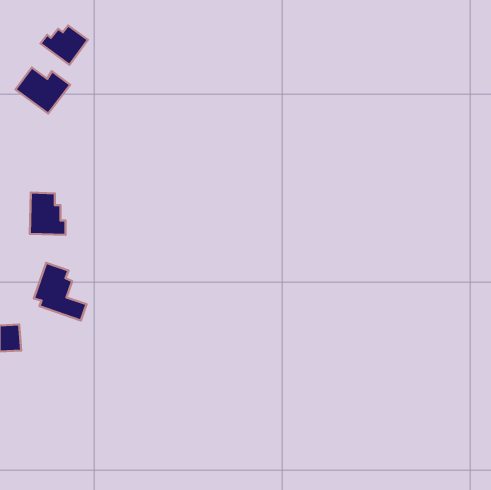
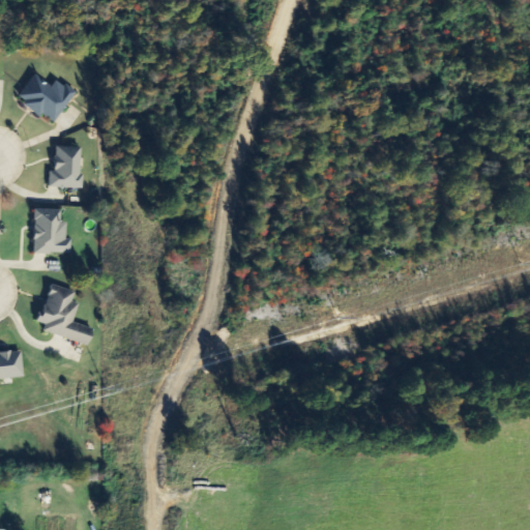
building: [40,25,88,65] -> none
building: none -> [48,145,81,186]

